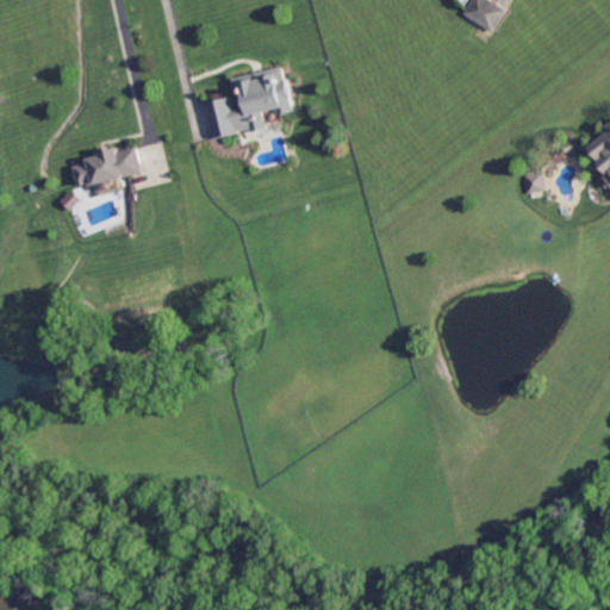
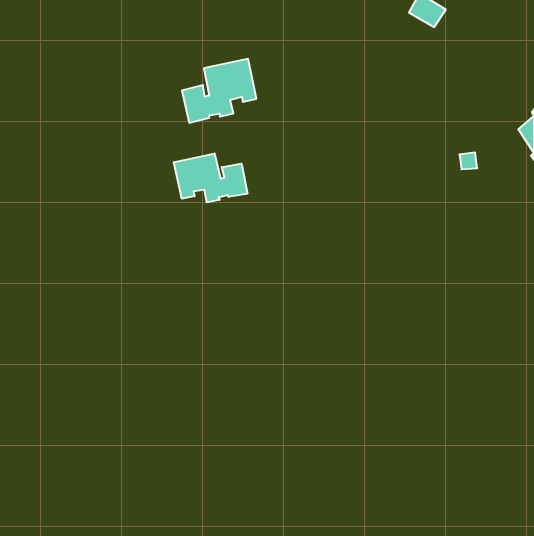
building: [73,148,142,186] -> none
building: none -> [174,153,247,202]

